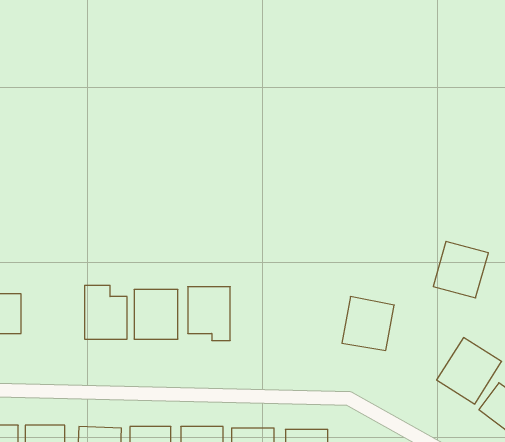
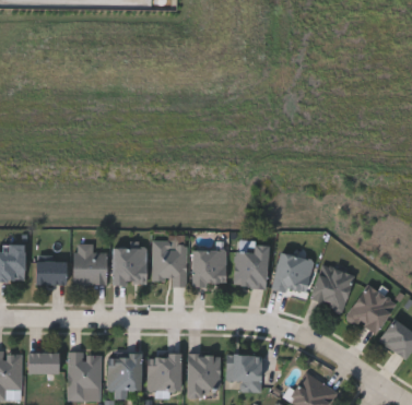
building: [433,241,488,298] -> [310,265,353,309]
building: none -> [234,245,268,287]
building: none -> [192,249,225,285]
building: none -> [35,260,64,283]

